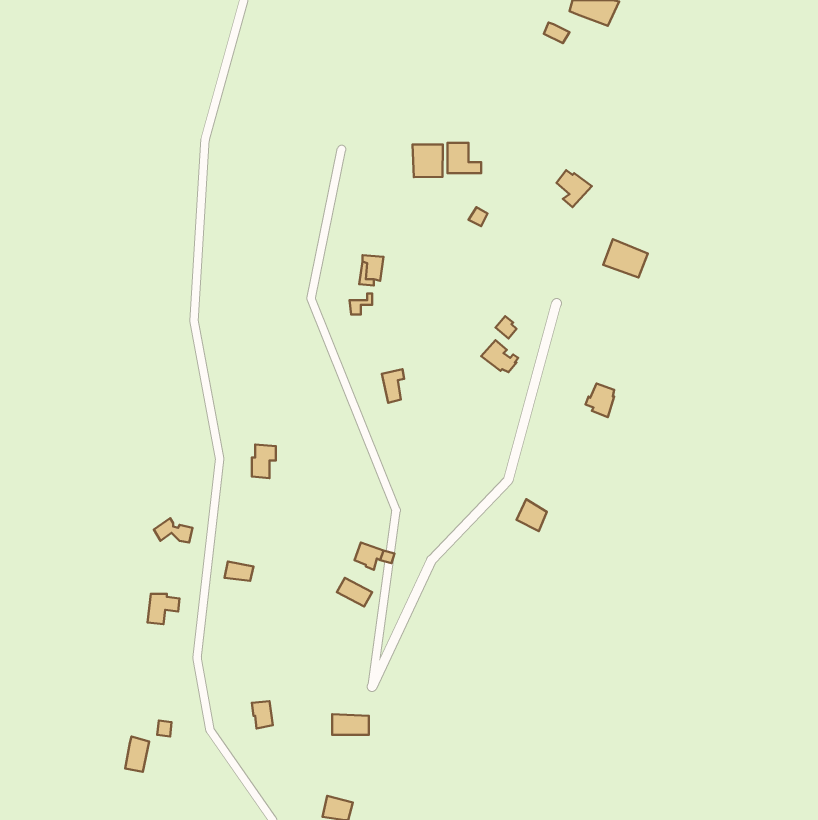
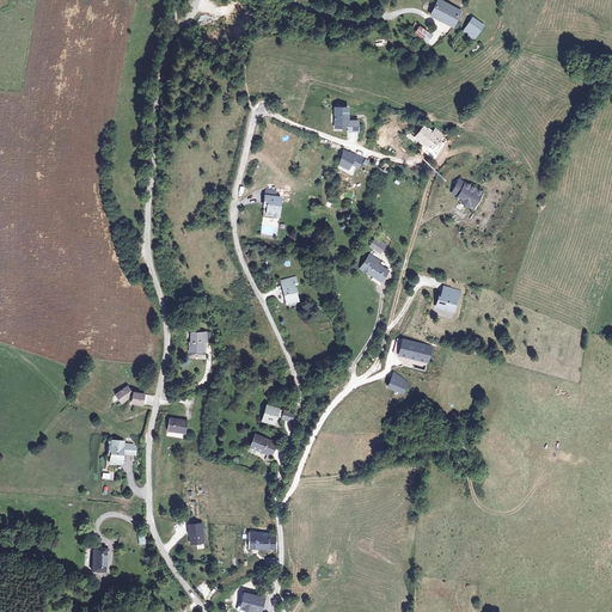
building: [413,145,443,177] -> none
building: none -> [391,338,432,369]

